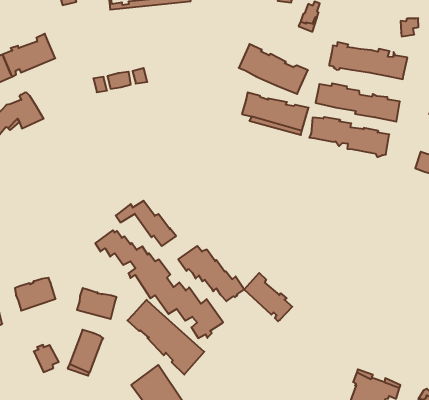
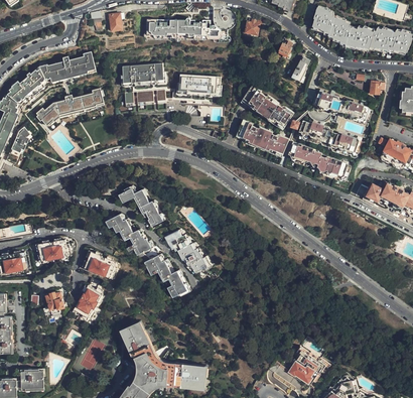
building: none -> [124,62,165,85]
building: none -> [180,74,222,96]
building: none -> [72,86,108,116]
building: [244,273,292,321] -> none
building: [127,300,204,375] -> none

